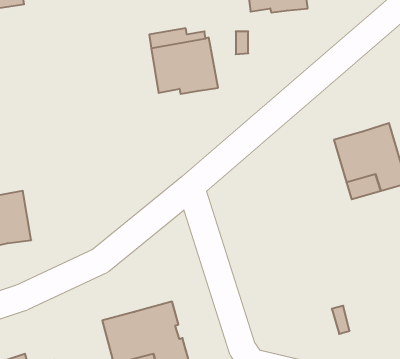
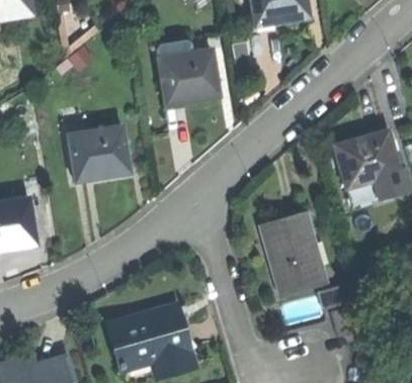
building: none -> [69,124,131,178]
building: none -> [258,211,324,293]

